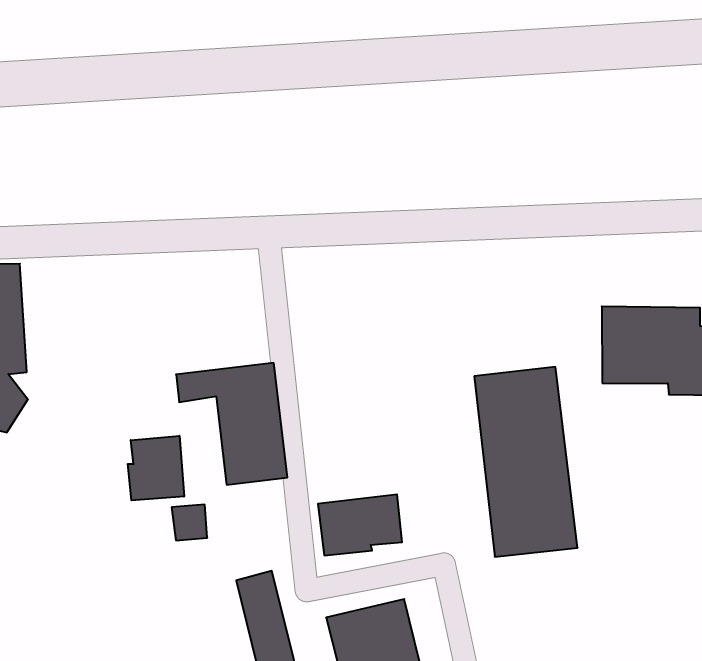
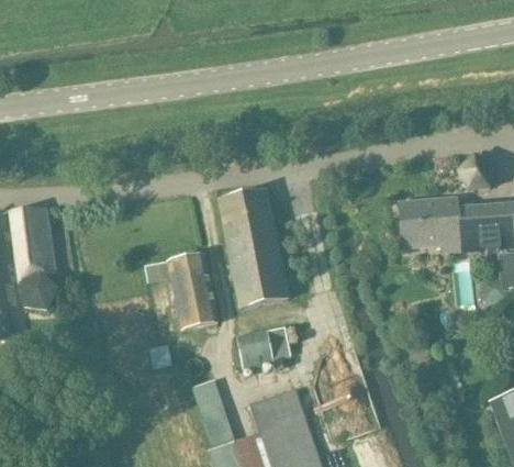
building: [474,367,578,557] -> [217,189,289,307]
building: [128,436,184,500] -> none

